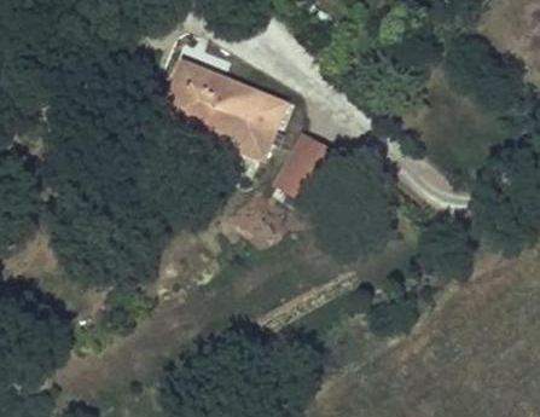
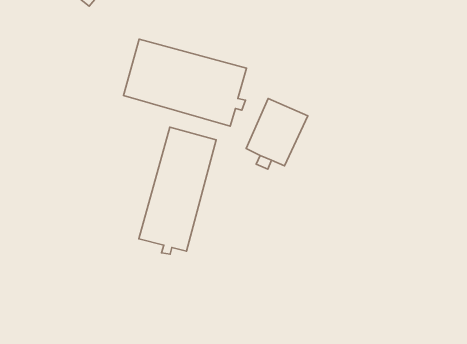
building: none -> [139,127,216,254]

